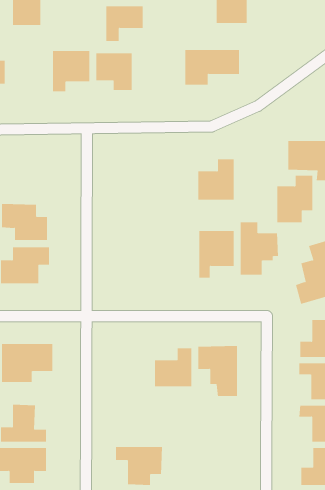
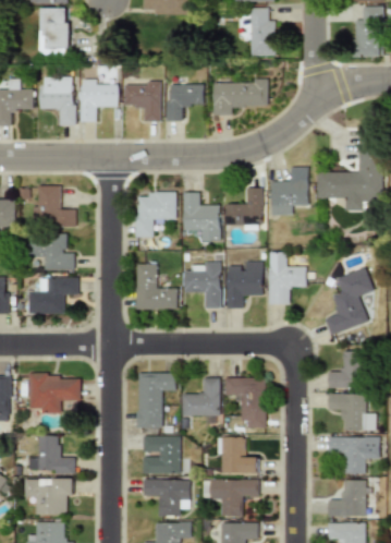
building: [105,6,143,42] -> [164,84,203,120]
building: none -> [38,76,75,125]
building: none -> [33,185,76,227]
building: none -> [135,192,176,237]
building: none -> [183,192,221,242]
building: [276,175,313,223] -> [271,167,308,215]
building: none -> [182,262,221,309]
building: none -> [135,264,178,310]
building: none -> [136,372,176,427]
building: none -> [143,436,180,473]
building: none -> [219,436,257,473]
building: none -> [205,479,258,517]

